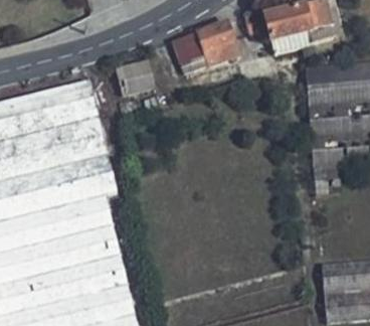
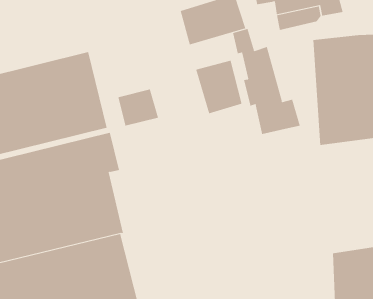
building: none -> [232,28,301,135]
building: [116,58,156,95] -> [118,89,159,126]
building: none -> [196,60,242,114]

